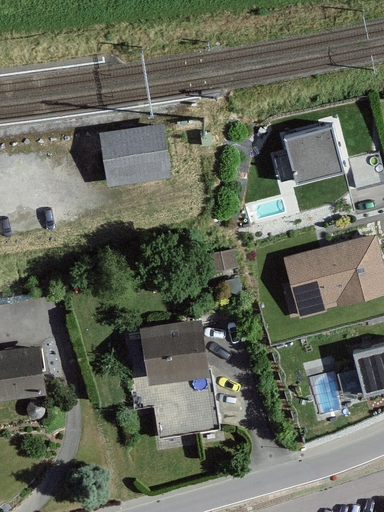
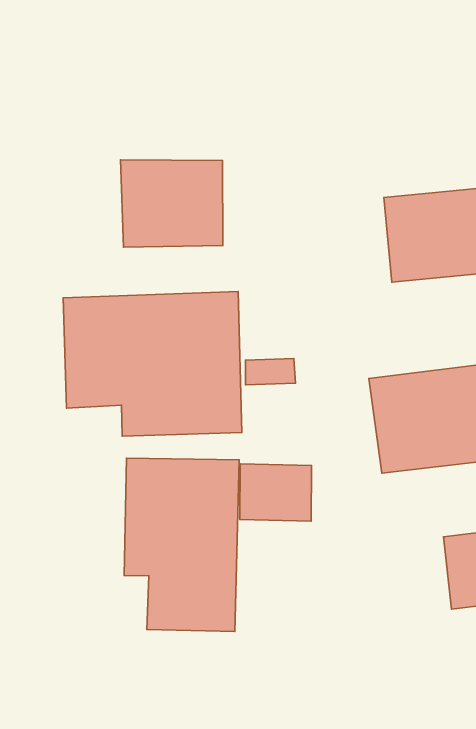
building: none -> [63,291,242,436]
building: none -> [240,464,312,521]

